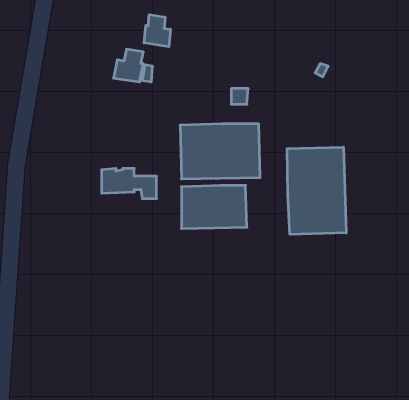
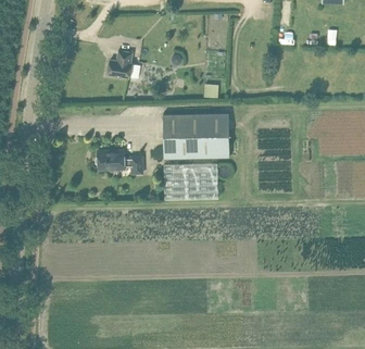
building: [144,15,170,47] -> none
building: [287,147,346,234] -> none

